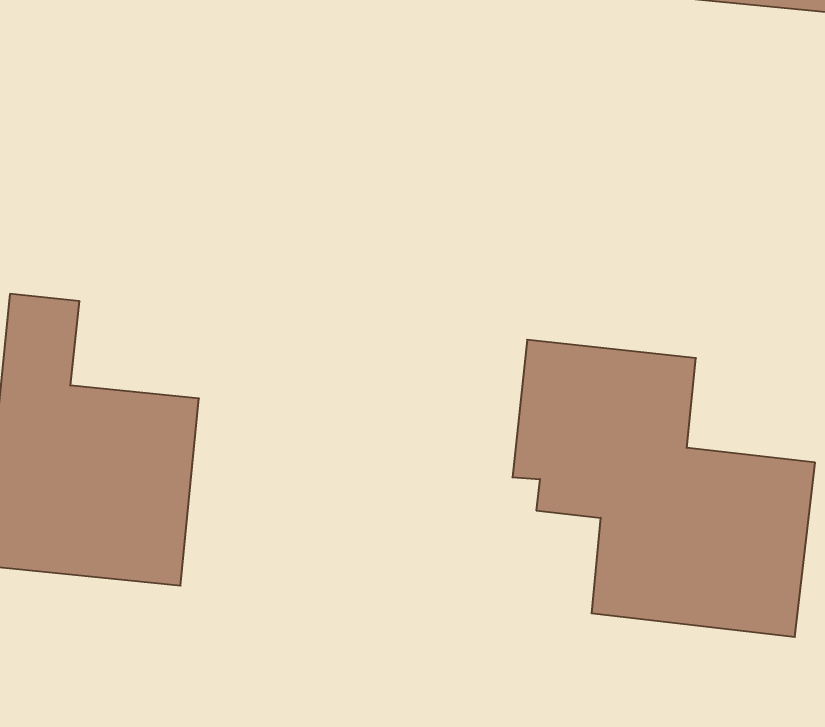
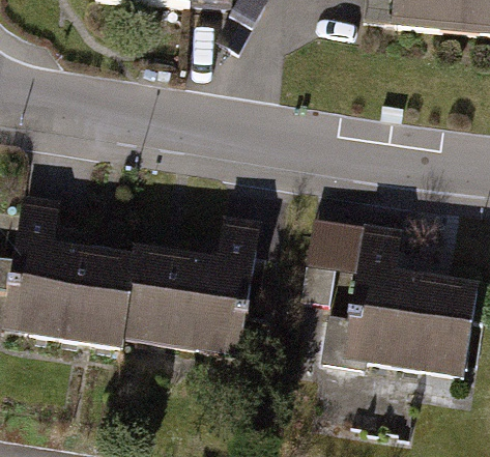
building: none -> [118,210,258,368]

